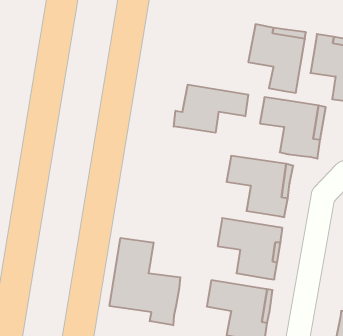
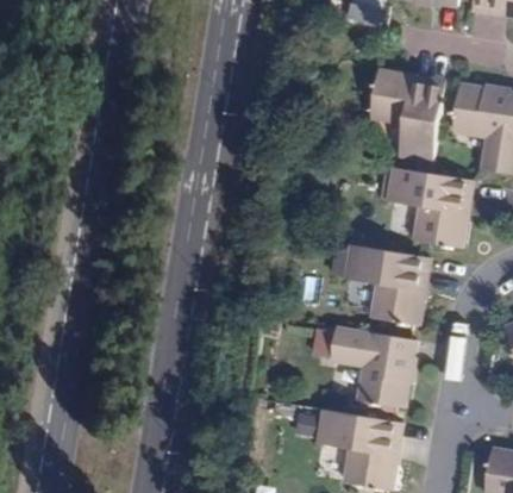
building: [174,85,248,133] -> none
building: [110,238,180,325] -> none

